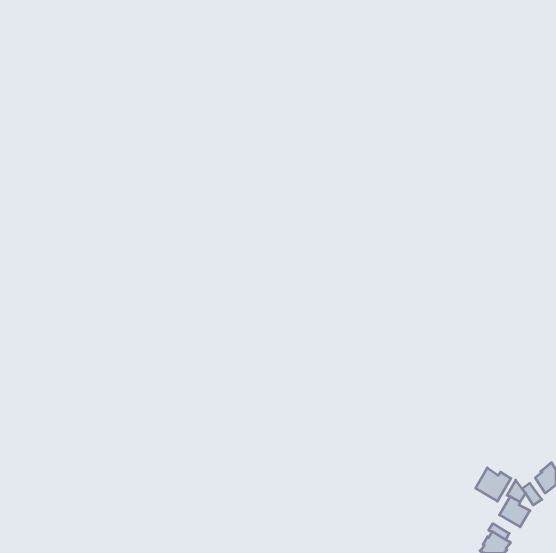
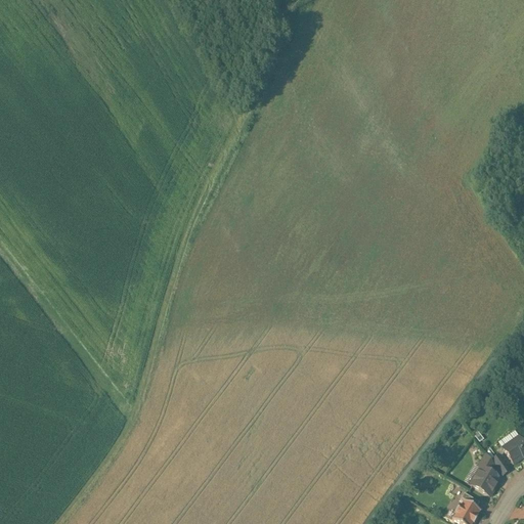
building: [476,468,511,501] -> none

